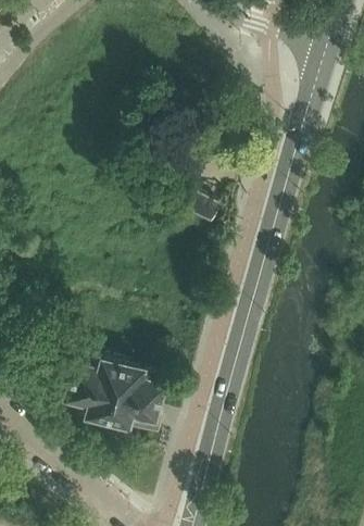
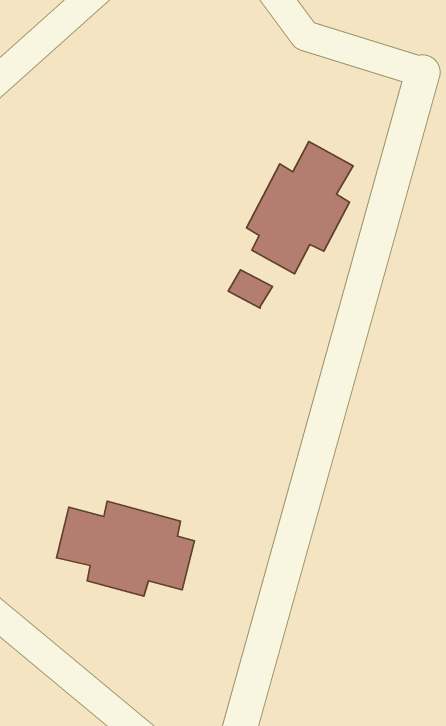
building: none -> [246,141,353,274]

